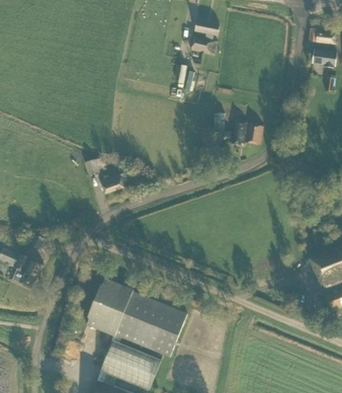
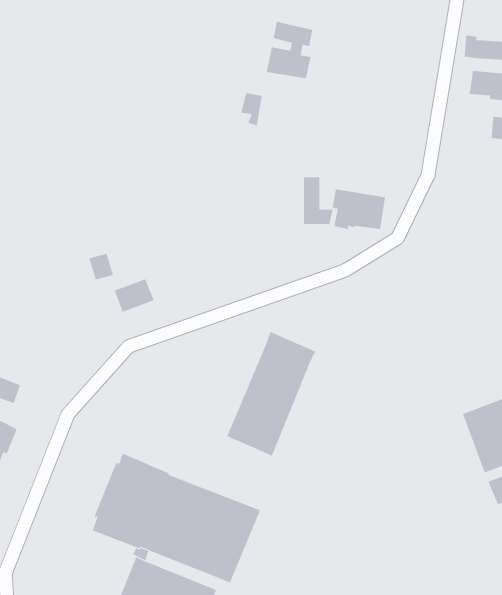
building: none -> [226,331,316,456]

